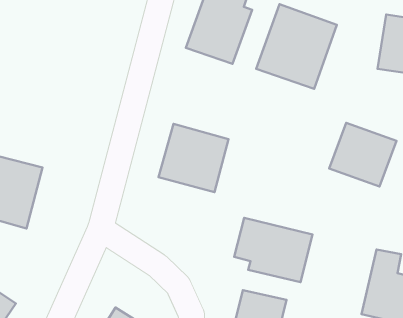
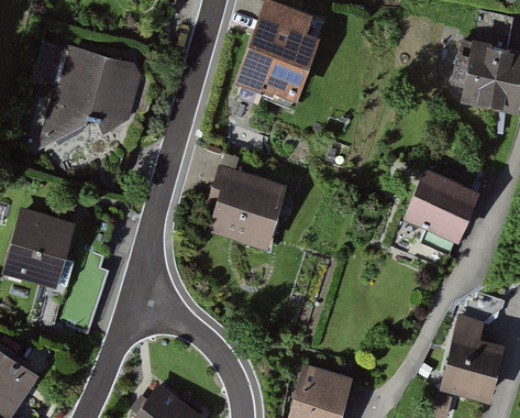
building: [256,4,337,89] -> none
building: none -> [35,44,140,148]
building: [234,218,313,282] -> none

